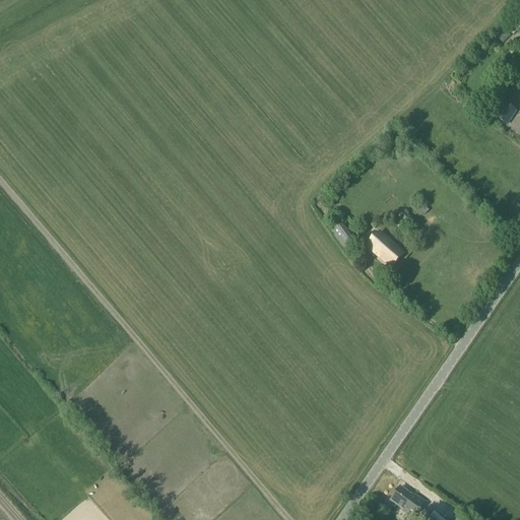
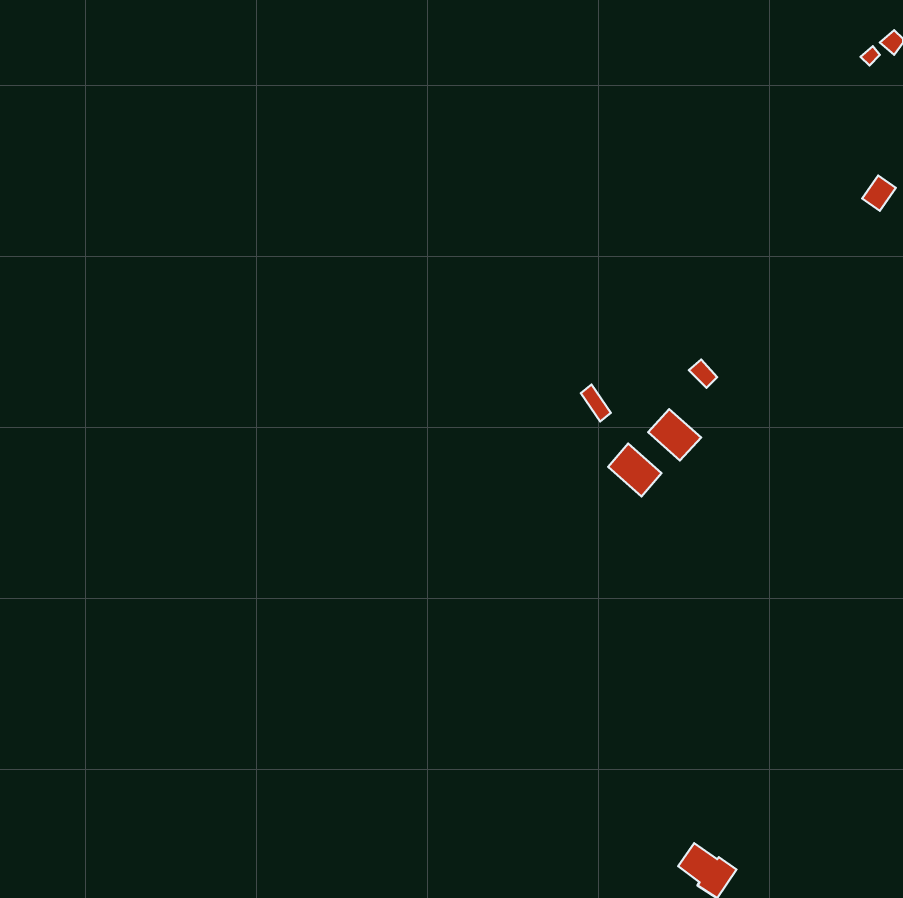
building: none -> [608,444,662,497]

